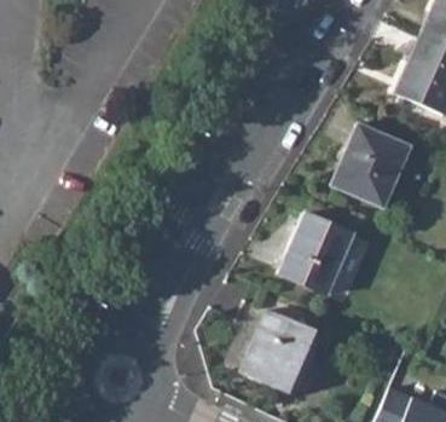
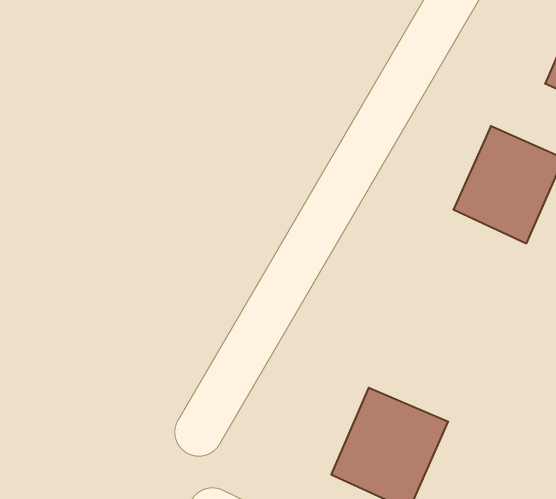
building: [277,213,353,295] -> none

